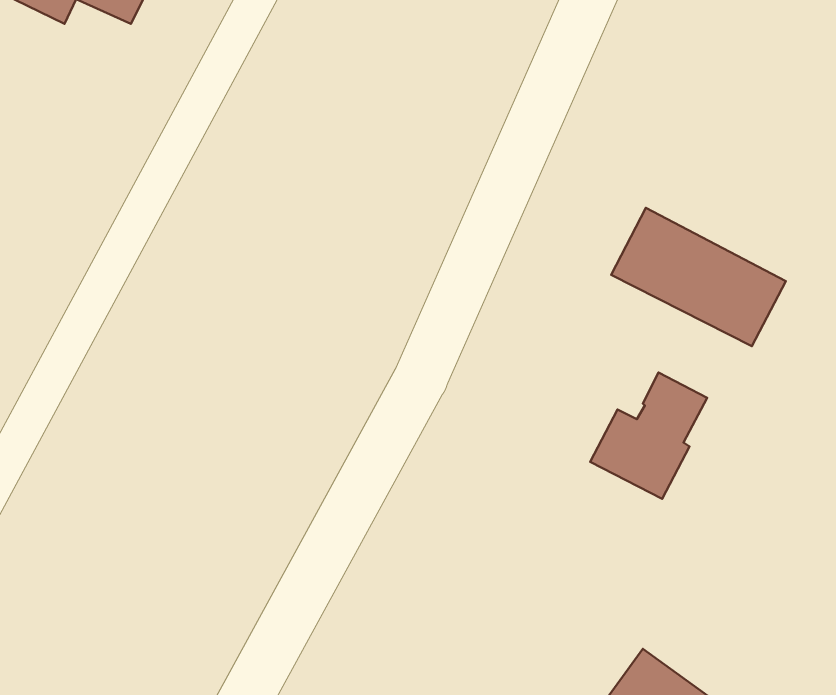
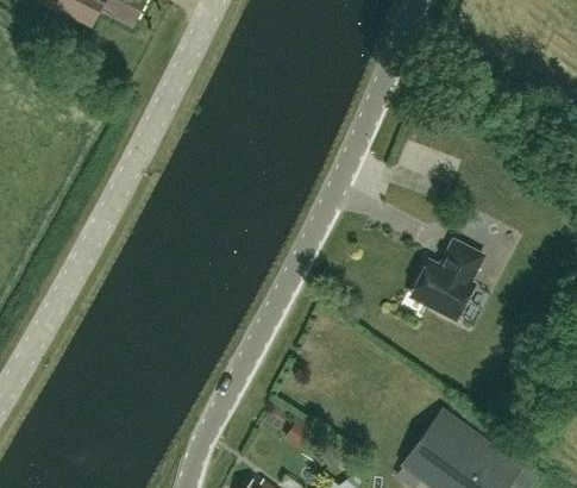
building: [611,208,786,346] -> none

